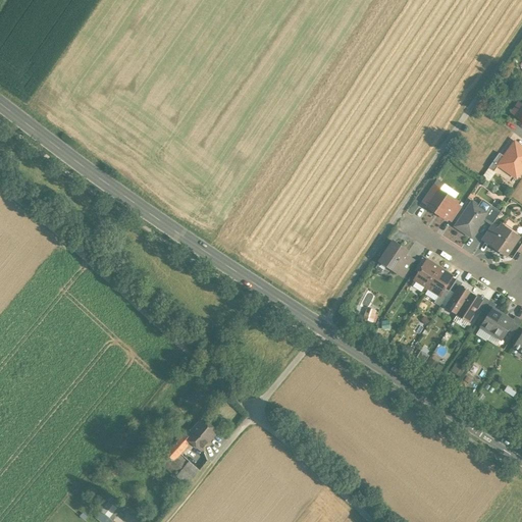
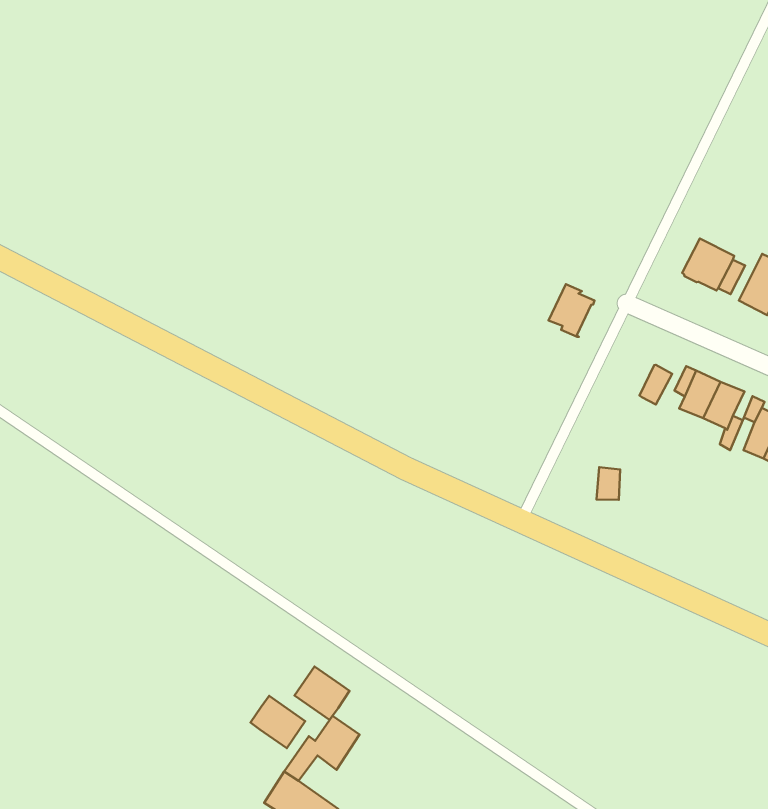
building: [380,242,407,271] -> [548,284,594,337]
building: none -> [294,666,349,720]
building: none -> [251,696,305,748]

